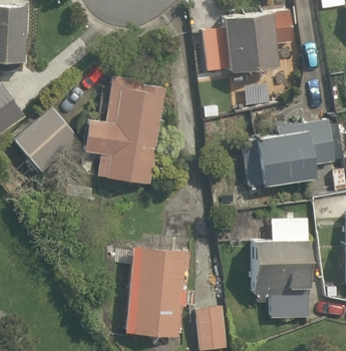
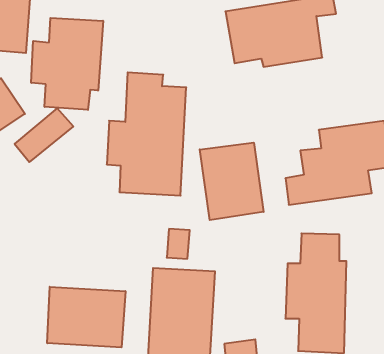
building: none -> [31,18,103,110]
building: none -> [200,143,264,220]
building: none -> [47,287,125,347]

